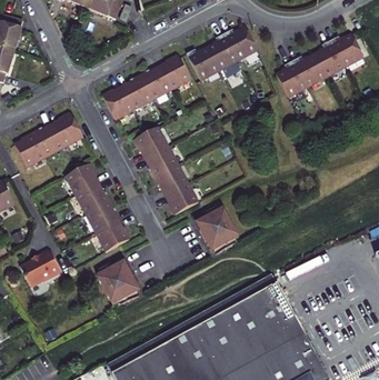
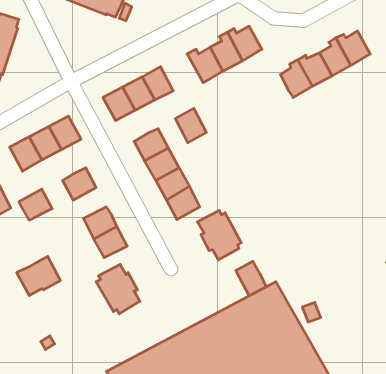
building: [159,56,189,89] -> [175,108,206,143]
building: [74,182,107,212] -> [19,189,52,220]
building: none -> [236,261,266,296]

